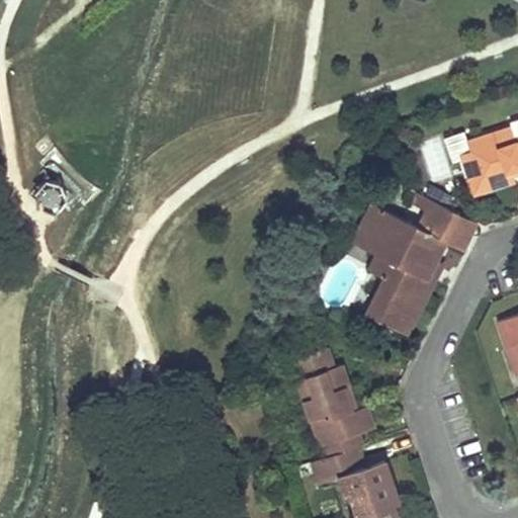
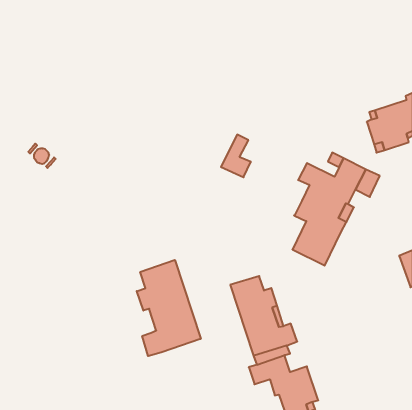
building: [351,200,388,254] -> [221,135,251,177]
building: none -> [137,260,201,356]

